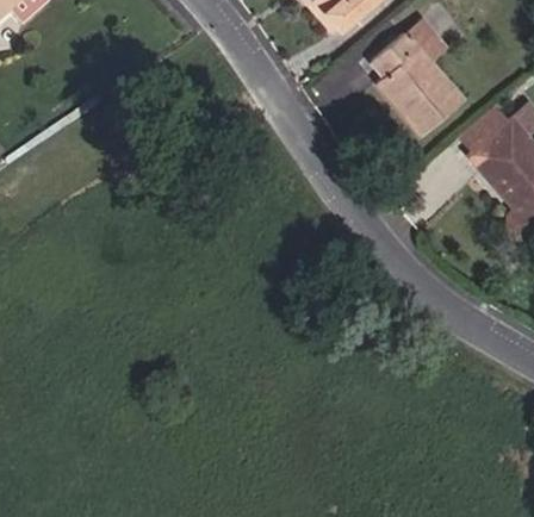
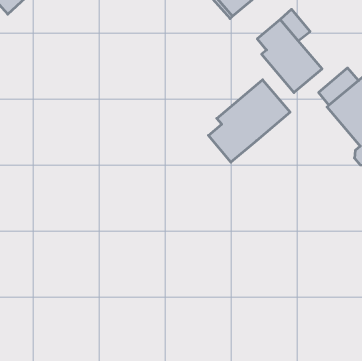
building: none -> [208,80,290,162]

